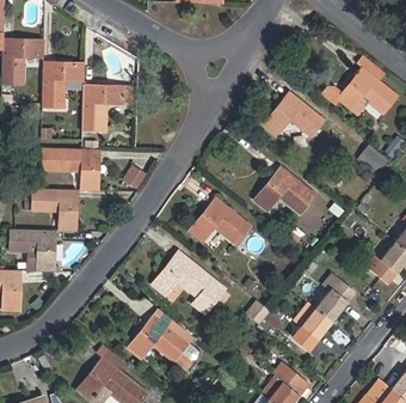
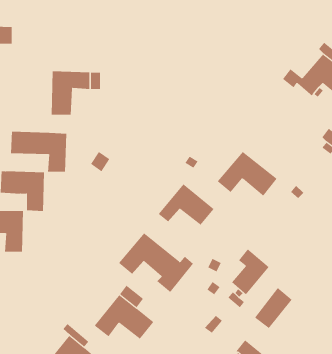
building: [42,61,84,108] -> none
building: [262,91,325,138] -> none
building: [315,273,355,320] -> [231,249,269,295]

